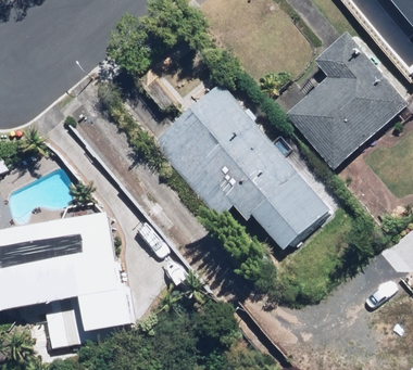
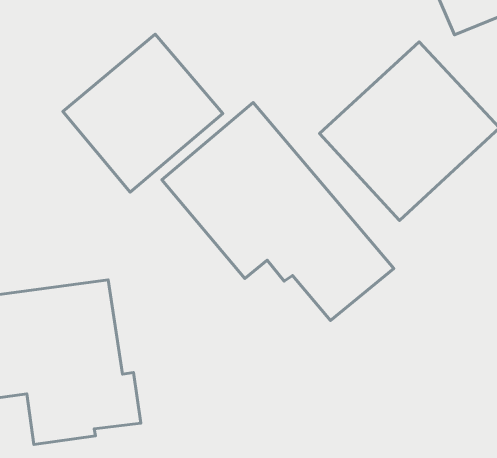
building: none -> [63,34,223,192]

